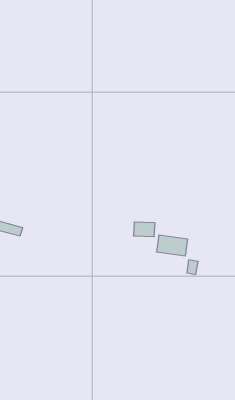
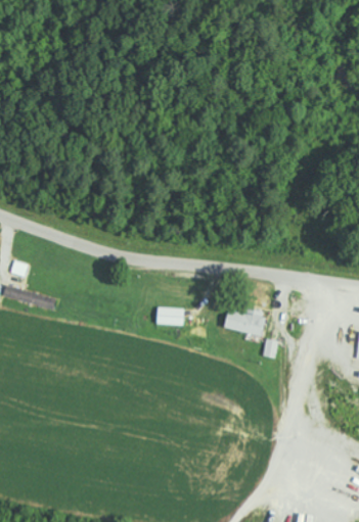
building: [133,222,155,237] -> [155,306,183,325]

